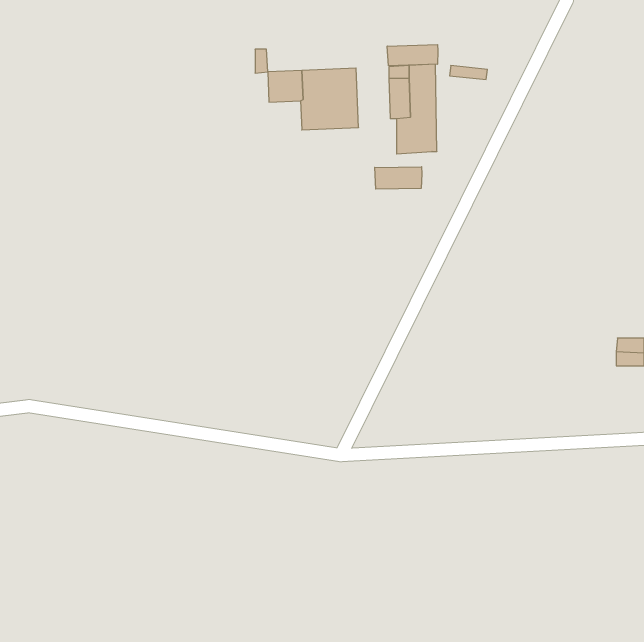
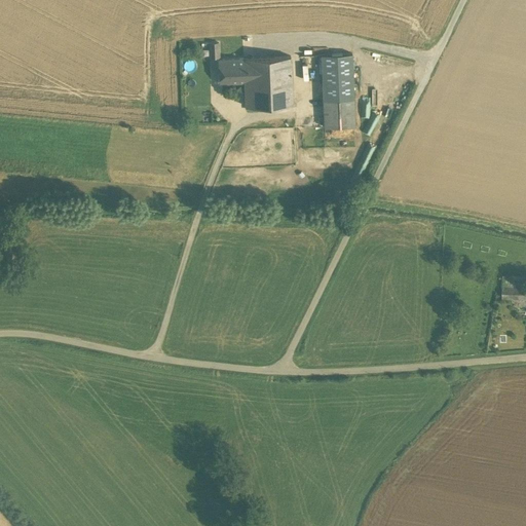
building: [387,45,438,66] -> none
building: [375,167,422,189] -> none

